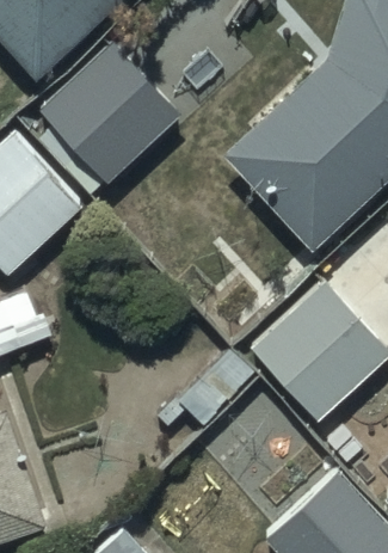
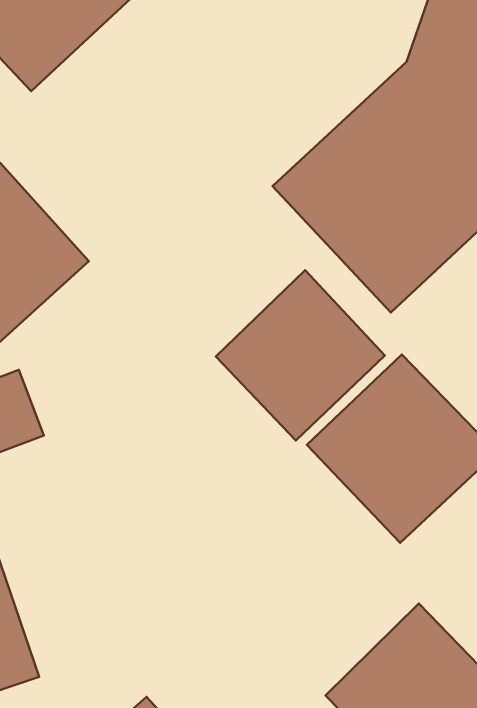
building: [36,39,183,186] -> none
building: none -> [216,270,385,441]

